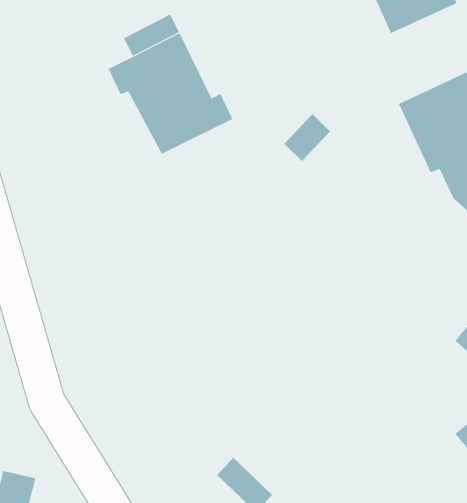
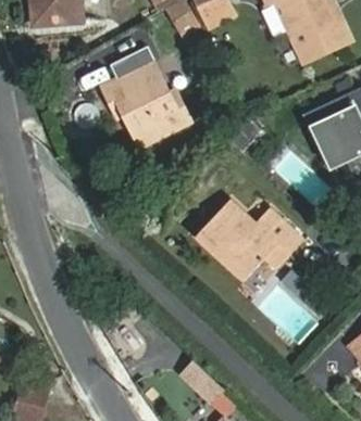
building: none -> [196,199,303,280]

